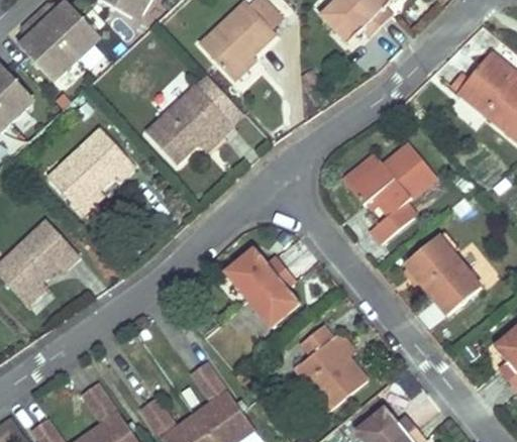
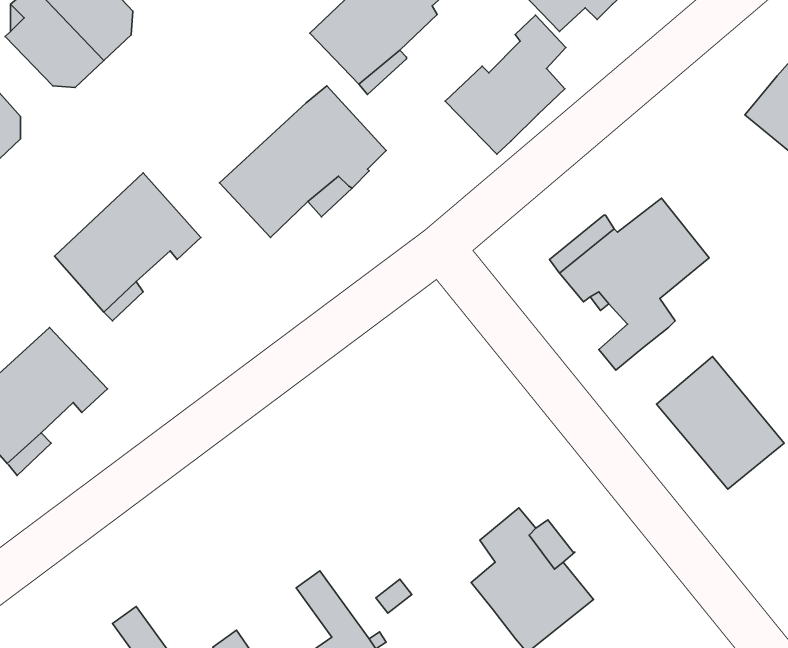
building: none -> [445,15,566,154]
building: [225,247,301,328] -> none

